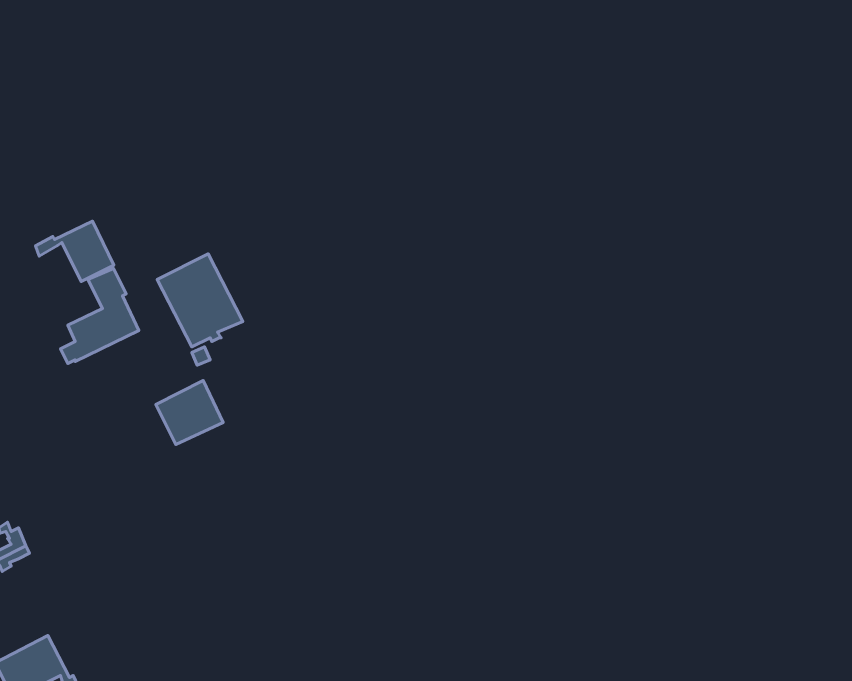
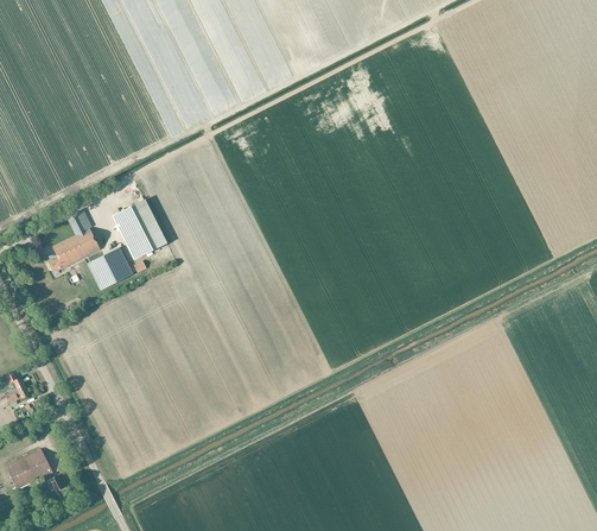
building: [36,221,114,281] -> none
building: [156,381,223,445] -> [88,247,132,289]

